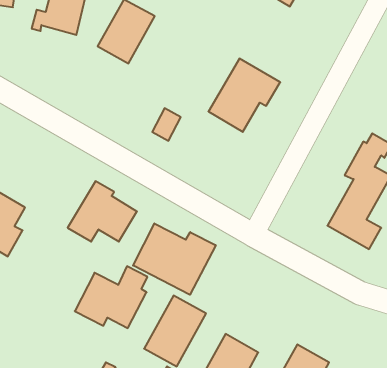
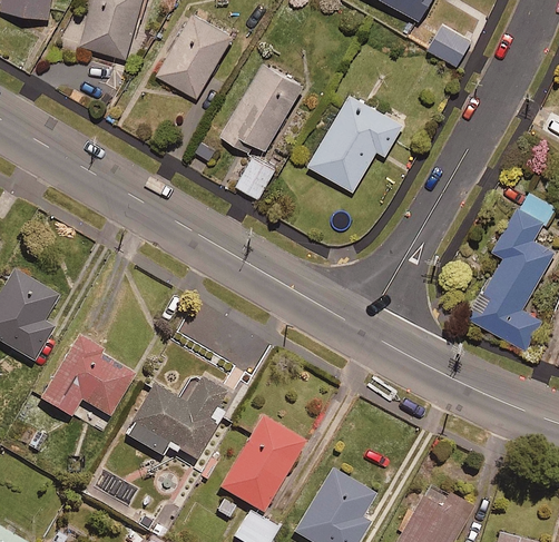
building: none -> [426,22,472,65]
building: none -> [220,57,306,158]
building: [68,181,137,242] -> [39,334,134,416]
building: [133,223,216,295] -> none

